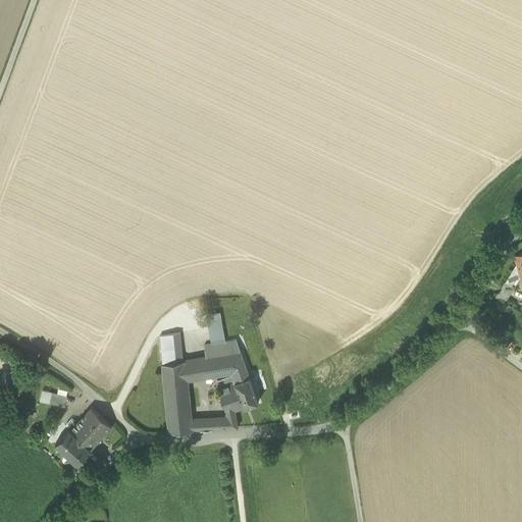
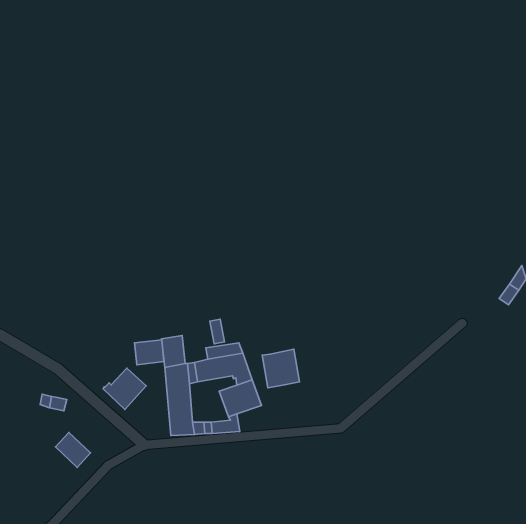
building: none -> [135,340,164,365]
building: none -> [262,349,299,388]
building: [68,410,111,451] -> [103,368,146,410]

